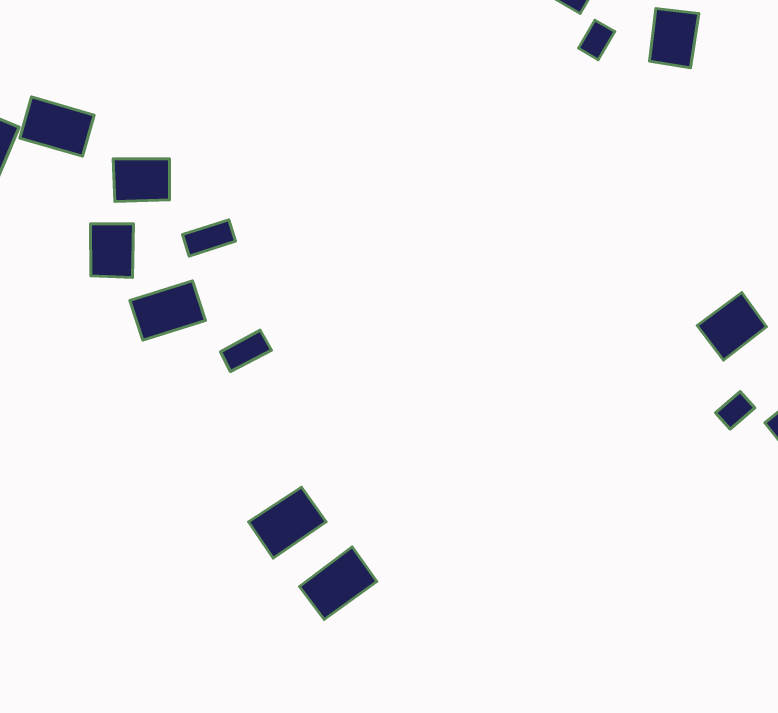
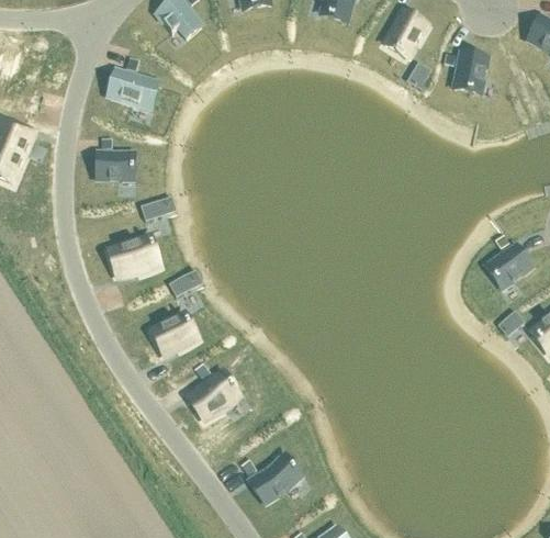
building: [20,97,94,156] -> [109,69,158,109]
building: [90,224,134,278] -> none
building: none -> [151,311,198,354]
building: [299,547,377,620] -> [249,452,301,501]

